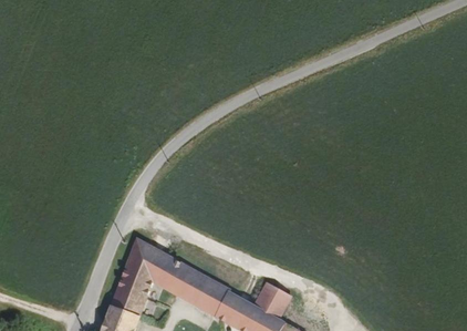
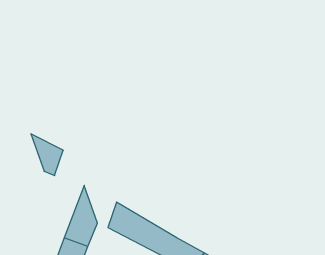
building: [136,236,177,289] -> [31,134,63,176]
building: [253,280,293,316] -> none

